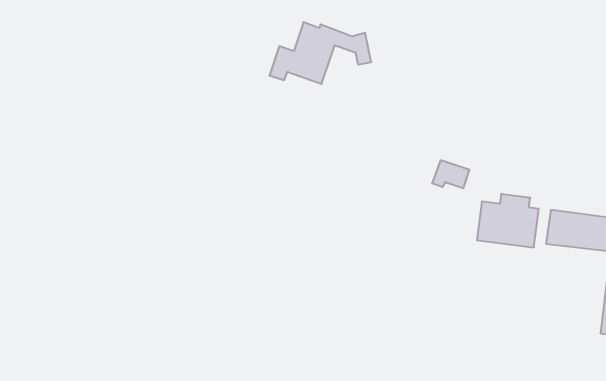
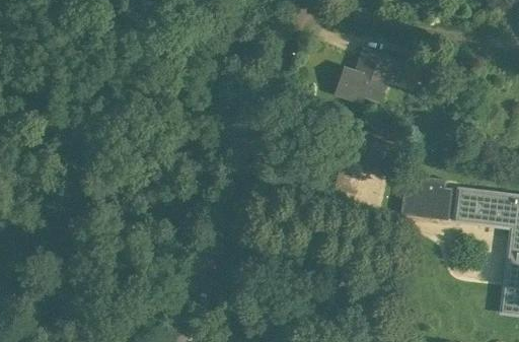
building: [269,22,371,84] -> [337,49,422,100]

